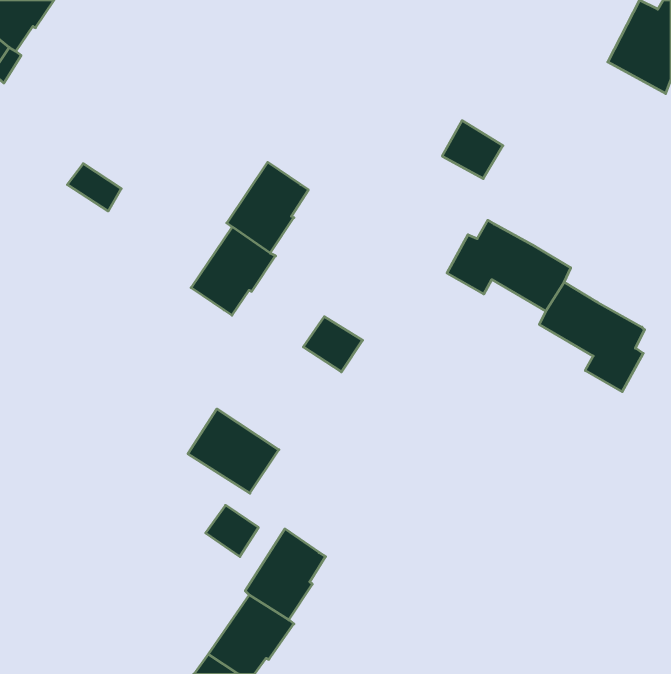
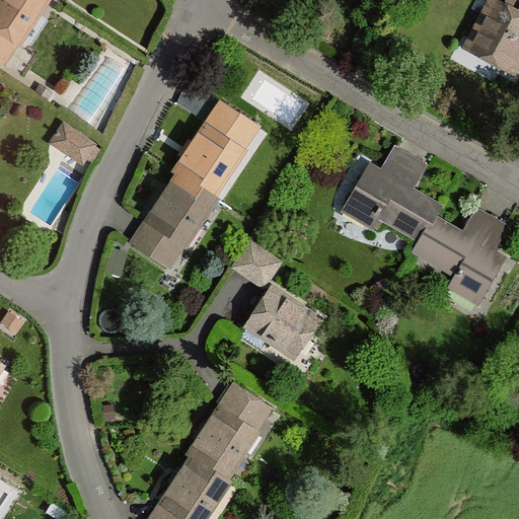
building: [442,121,503,179] -> [380,145,427,190]
building: none -> [206,103,246,142]
building: none -> [459,206,508,251]
building: none -> [132,221,172,260]
building: [188,409,279,493] -> [247,290,317,355]
building: [206,505,258,557] -> [219,385,260,425]

